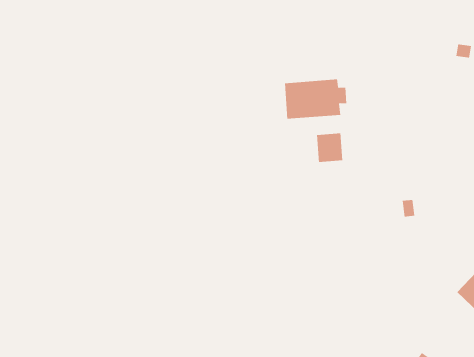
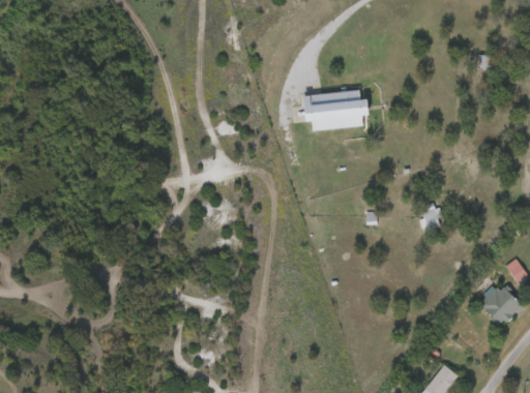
building: [316,133,343,163] -> none

